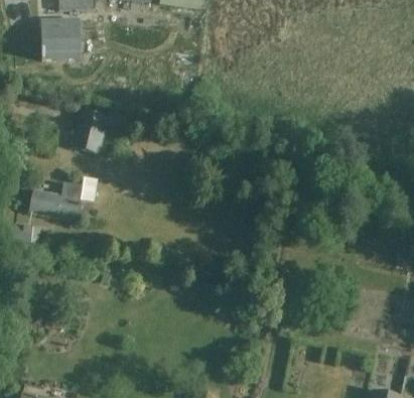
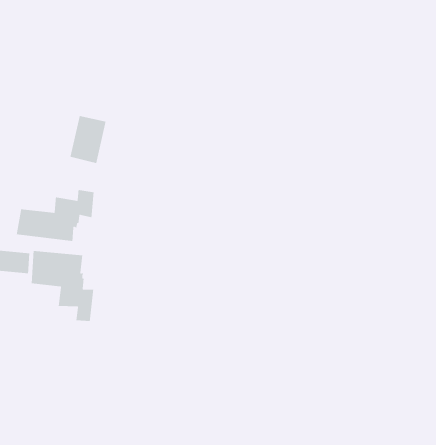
building: [40,20,79,58] -> none
building: none -> [31,250,94,322]

